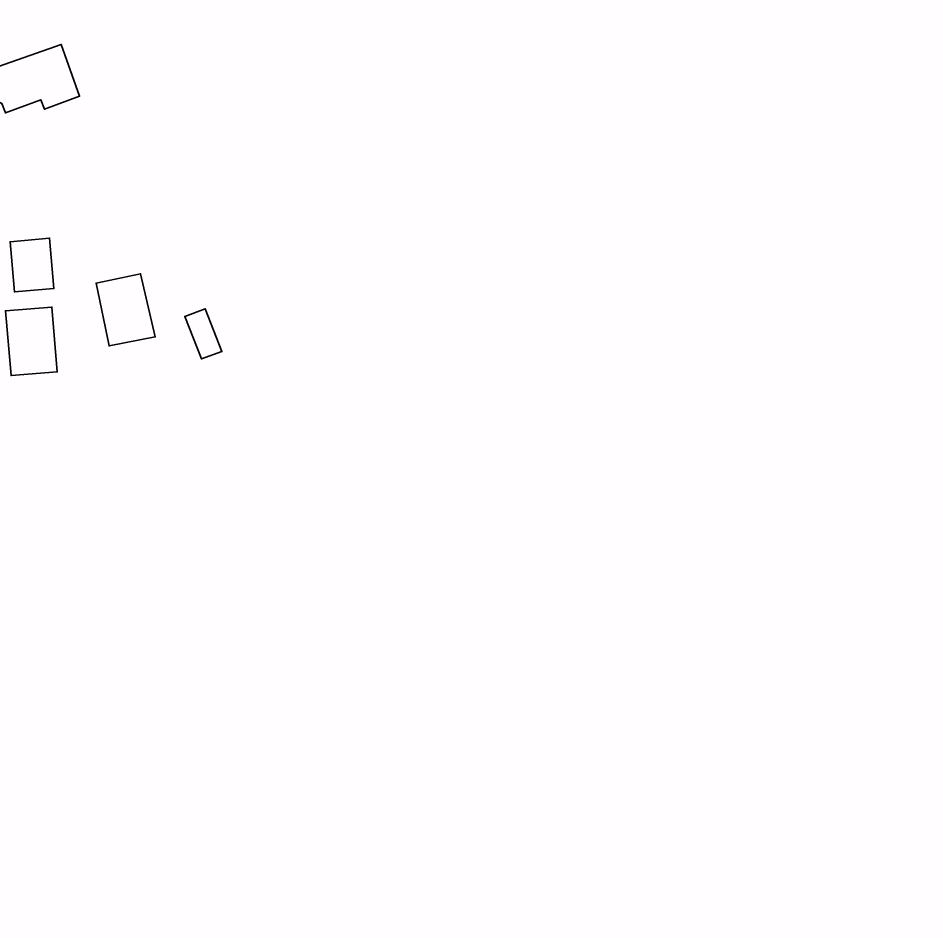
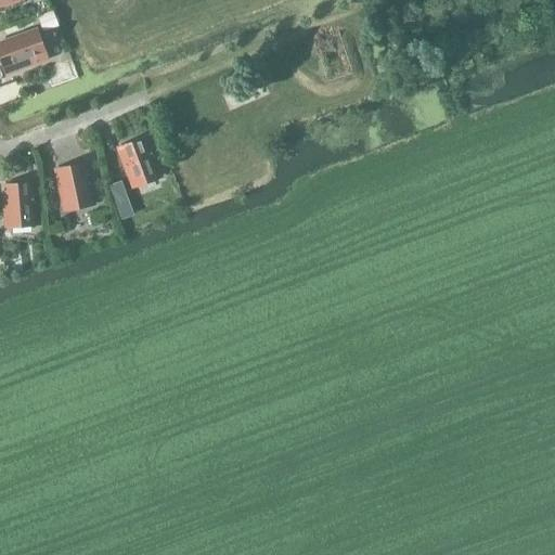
building: none -> [118,139,157,184]
building: [10,238,54,292] -> none

